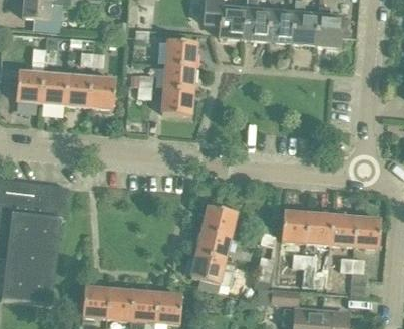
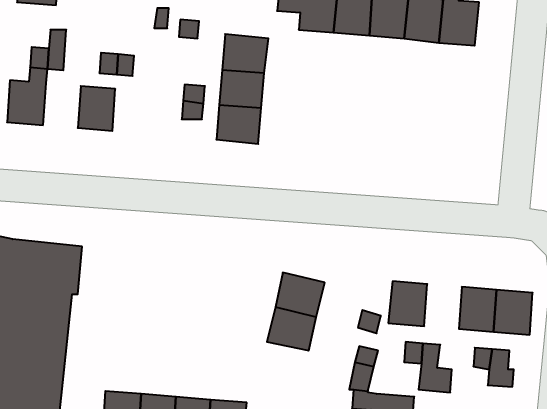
building: [41,73,67,104] -> none
building: [89,77,116,108] -> none
building: [306,213,332,244] -> none
building: [190,253,235,283] -> none

